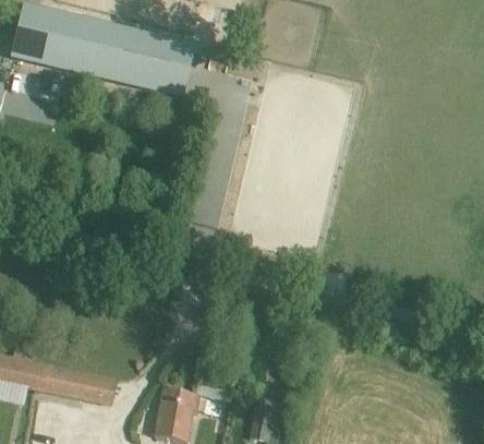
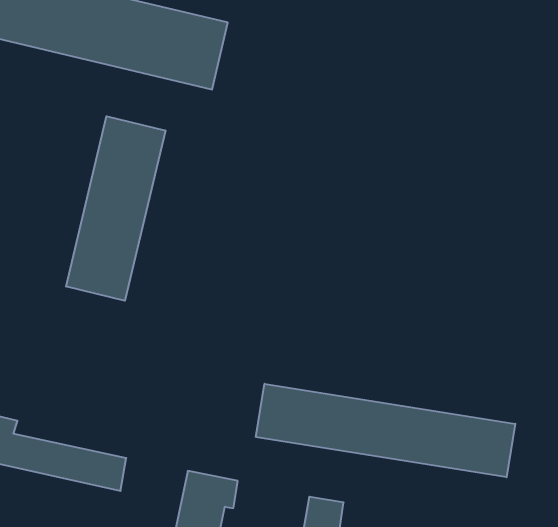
building: none -> [66,116,165,301]
building: none -> [256,384,515,477]

